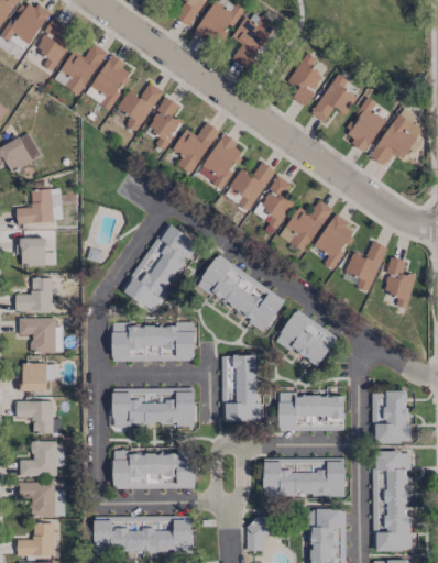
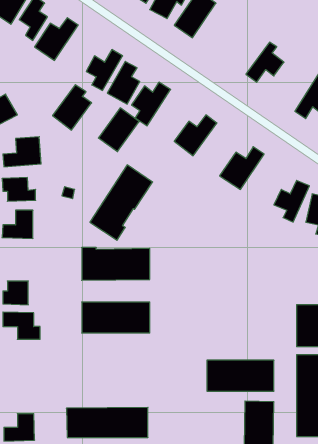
building: [86,55,133,110] -> [53,85,92,130]
building: [282,59,325,106] -> none
building: [344,97,386,153] -> none
building: [198,135,248,188] -> [98,108,139,152]
building: [253,176,294,231] -> none
building: [314,214,358,267] -> none
building: [194,254,286,331] -> none
building: [276,309,338,367] -> none
building: [19,318,64,353] -> none
building: [222,355,261,421] -> none
building: [278,395,344,431] -> none
building: [20,441,64,477] -> none
building: [113,450,196,488] -> none
building: [19,482,65,517] -> none
building: [248,516,276,551] -> none

